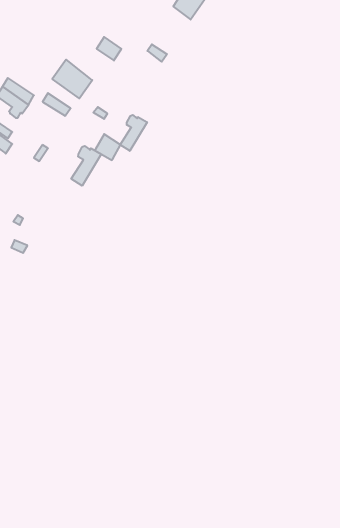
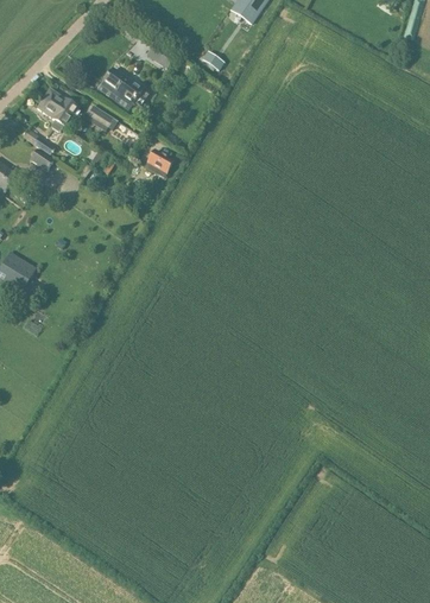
building: [120,115,147,151] -> none
building: [71,146,101,186] -> none

